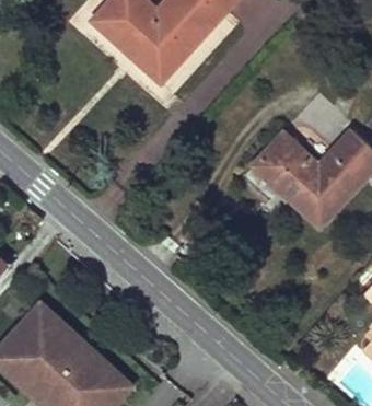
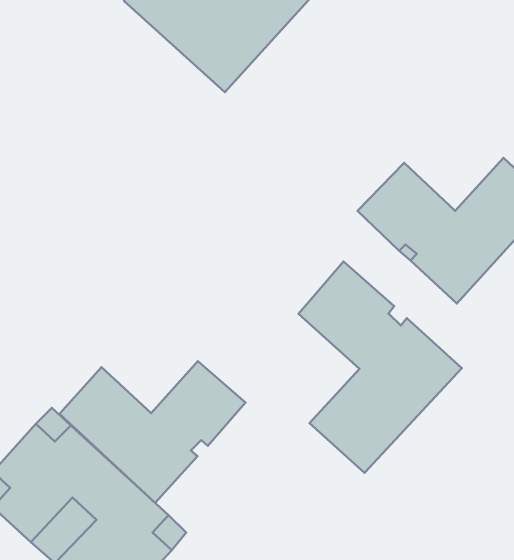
building: none -> [298,262,462,473]
building: none -> [59,361,245,503]

